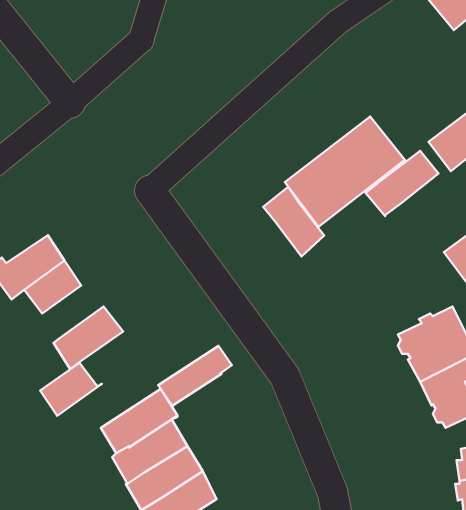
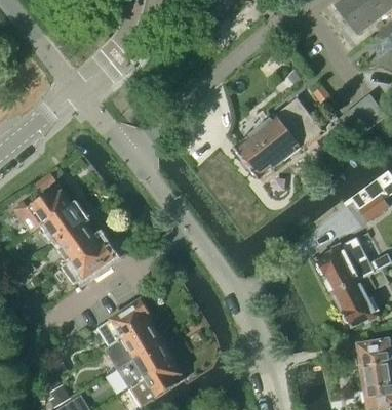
building: [366,151,438,216] -> none
building: [263,187,324,256] -> none
building: [158,346,232,406] -> none
building: [40,363,102,416] -> [55,221,101,260]

